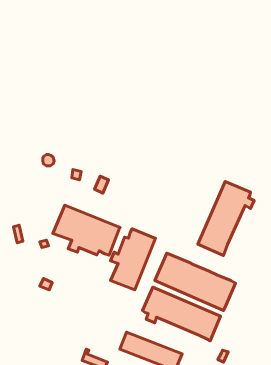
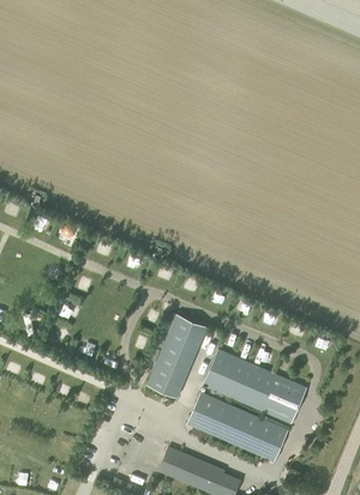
building: [198,181,254,256] -> none
building: [53,205,120,255] -> none

